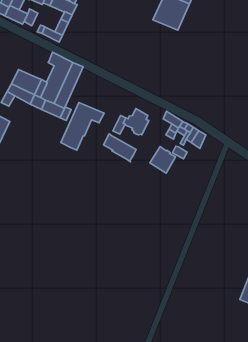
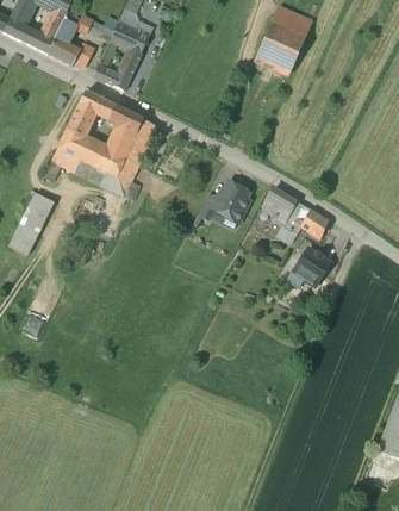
building: none -> [67,89,114,136]
building: [61,102,104,150] -> none
building: [103,134,136,162] -> none
building: [150,147,175,173] -> [294,247,330,283]

